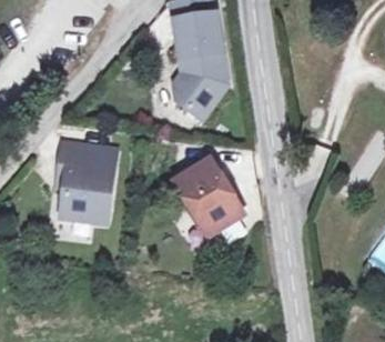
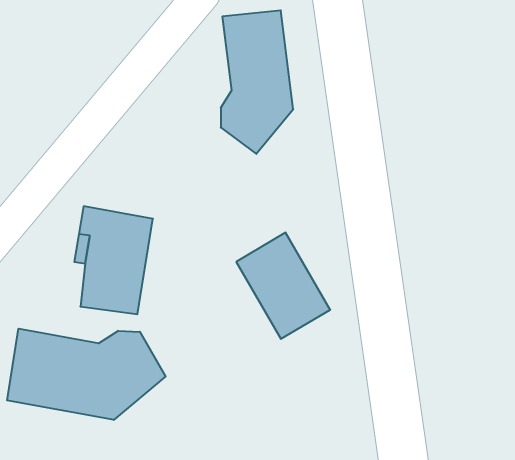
building: none -> [7,329,166,420]

